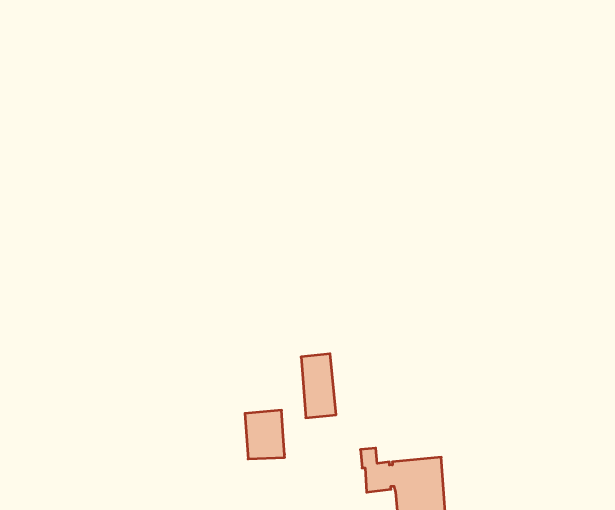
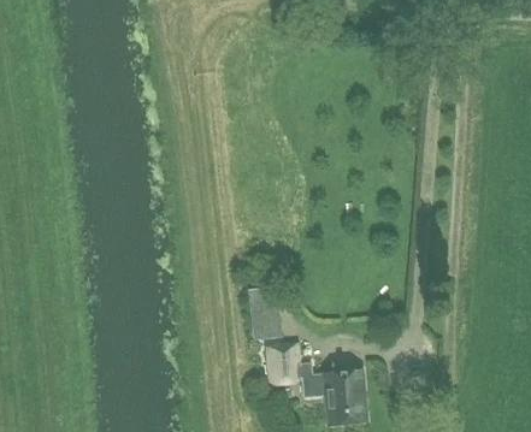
building: [245,410,285,459] -> [269,343,300,381]

